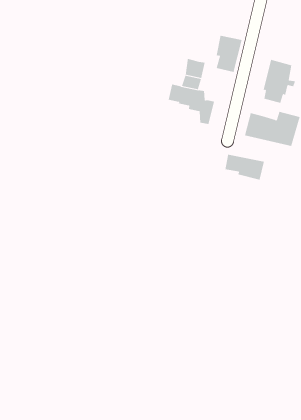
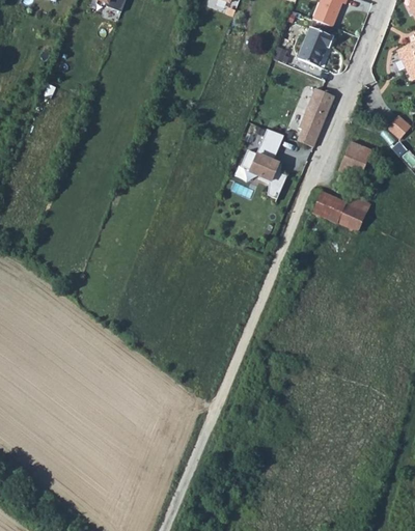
building: none -> [305,87,336,116]
building: [225,154,264,180] -> none

